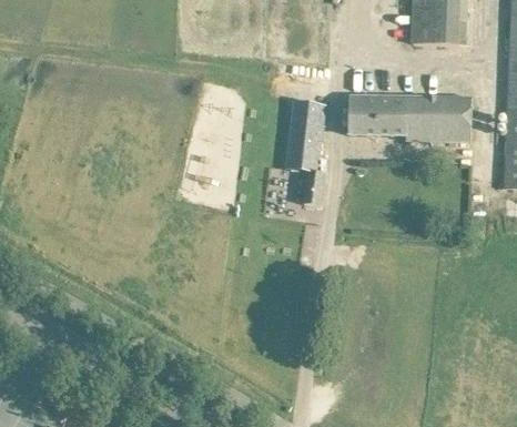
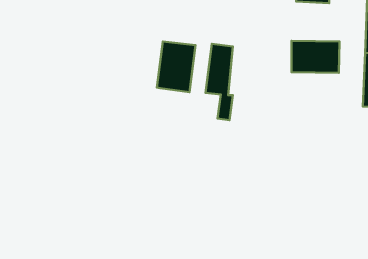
building: [349,95,406,134] -> none
building: none -> [157,41,196,92]

